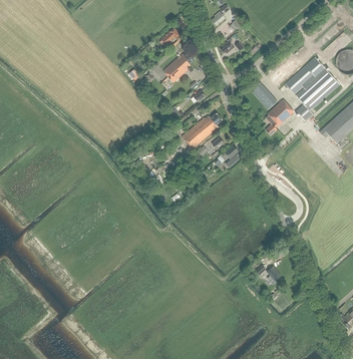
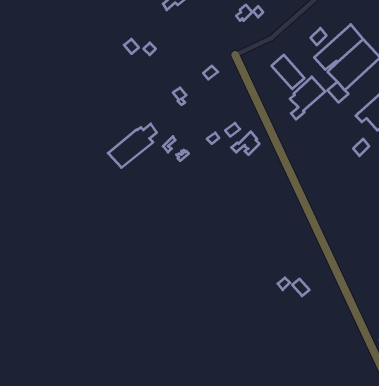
building: [162,51,195,81] -> none
building: [182,112,222,148] -> [108,124,157,168]

